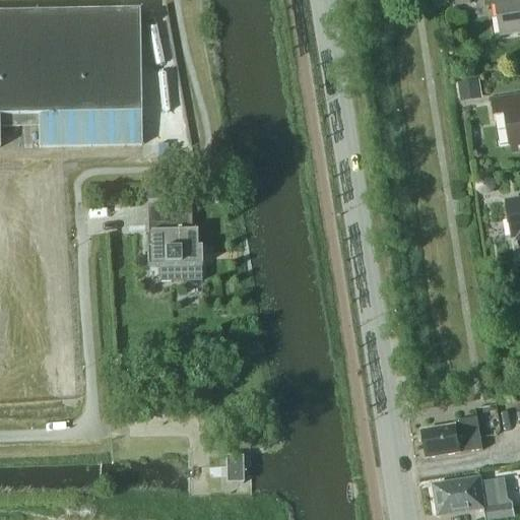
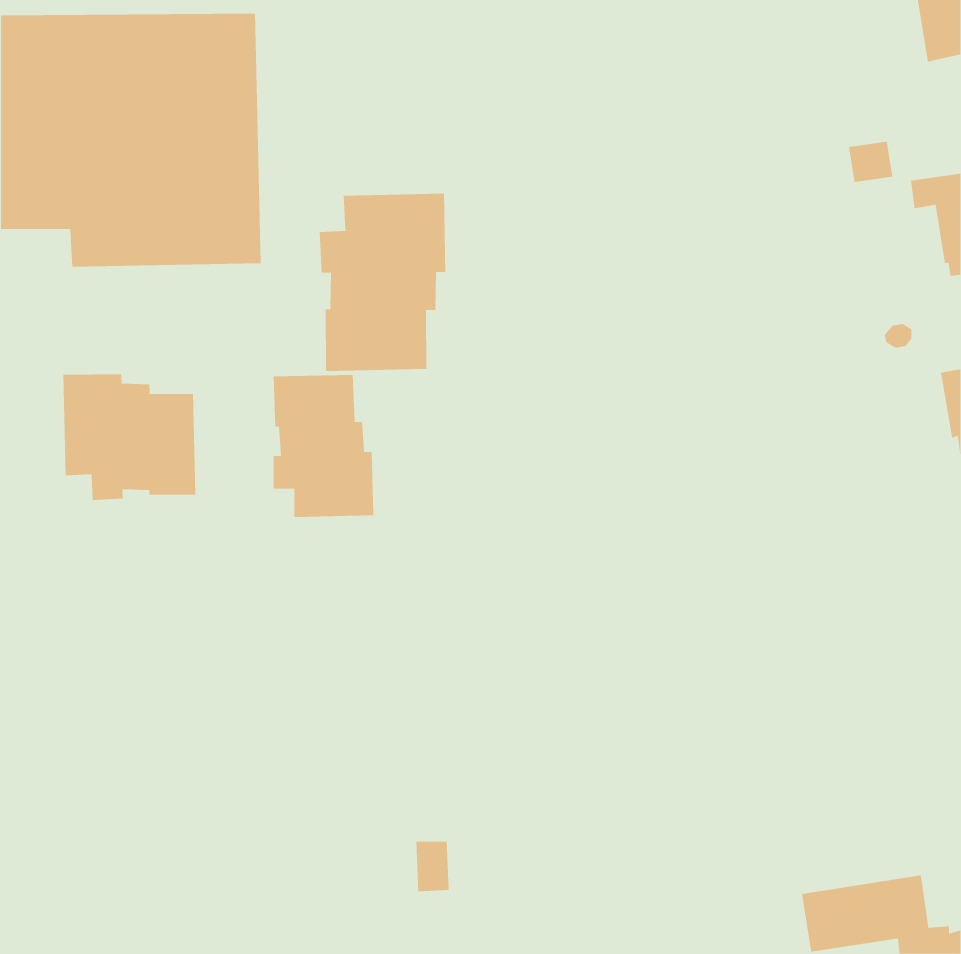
building: none -> [319,193,446,372]
building: none -> [63,373,196,501]
building: [421,414,482,455] -> none

